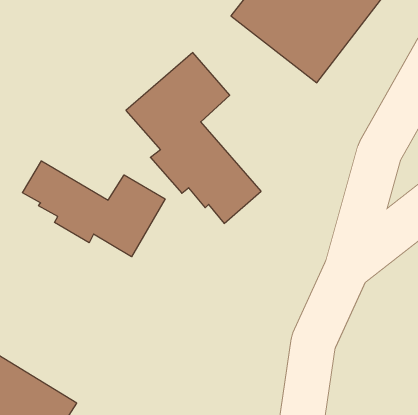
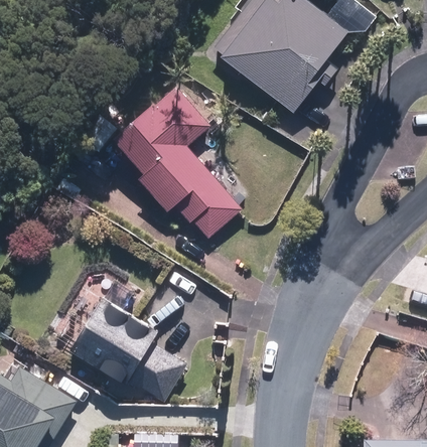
building: [22,161,165,257] -> none
building: none -> [66,297,186,405]

